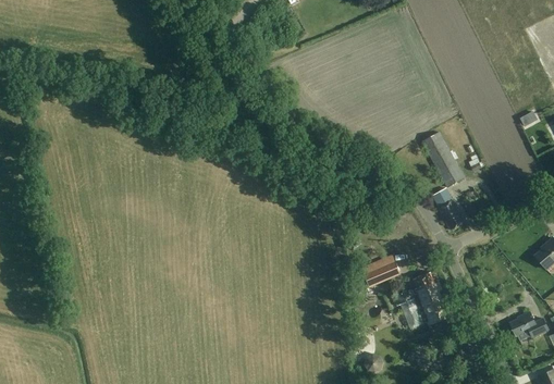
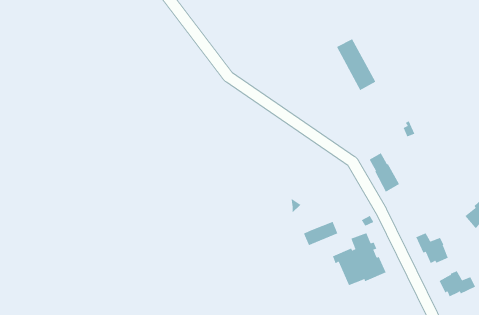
building: [423,132,466,187] -> [336,39,376,91]
building: none -> [416,233,448,264]

